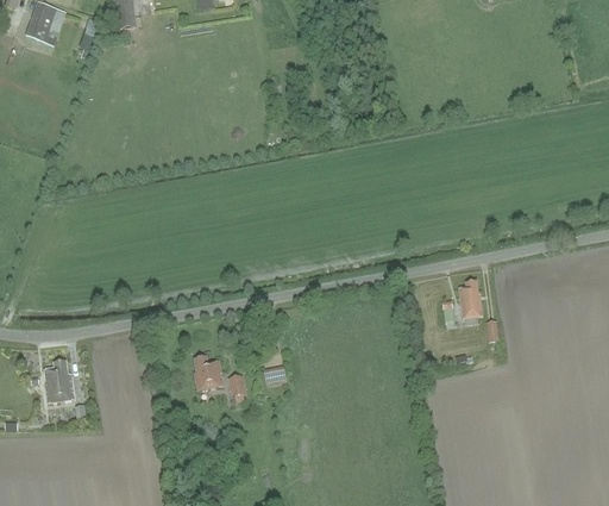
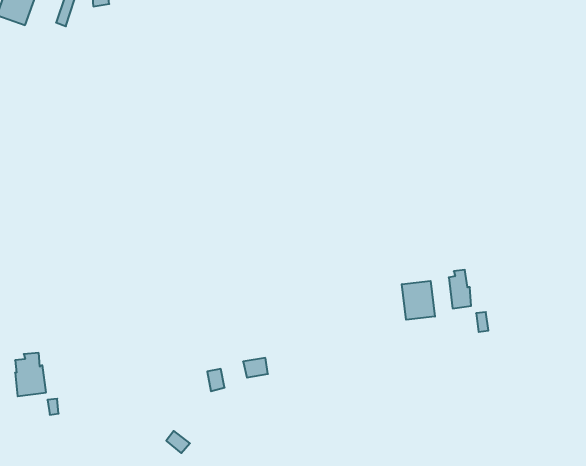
building: none -> [402,281,435,320]
building: [194,355,224,389] -> none

